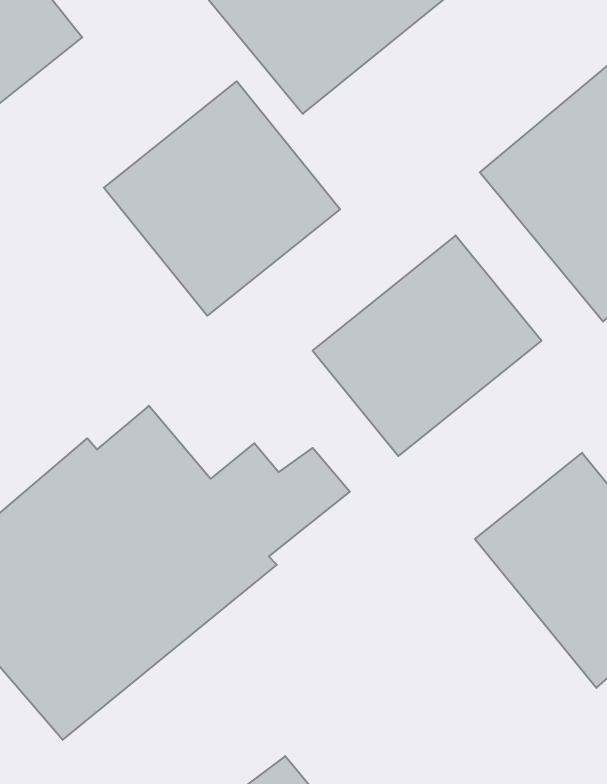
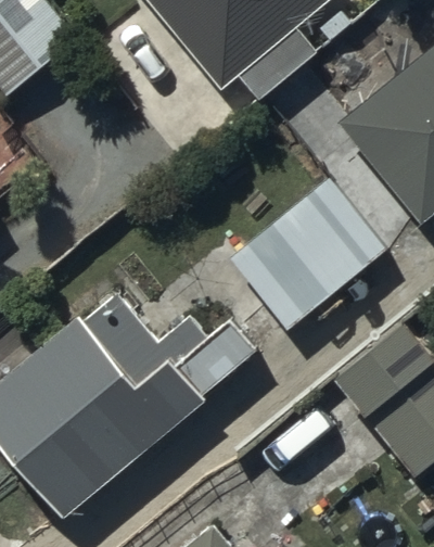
building: [104,81,340,316] -> none

